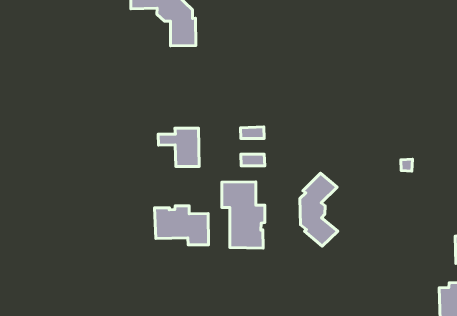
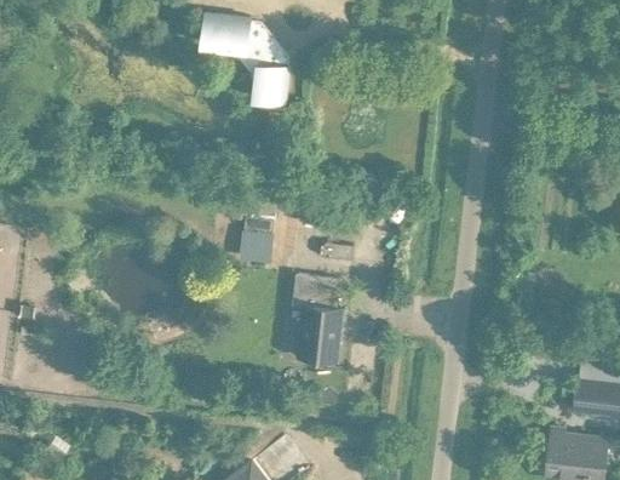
building: [300,173,338,246] -> none
building: [155,206,208,245] -> none

